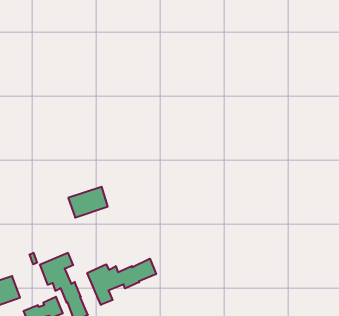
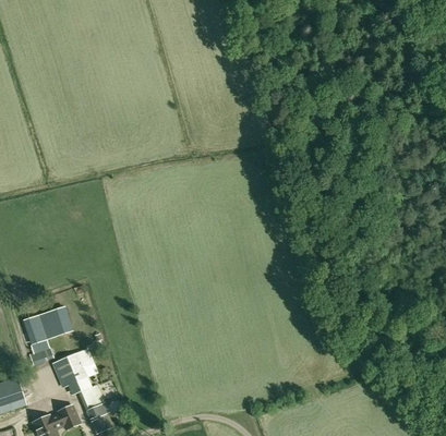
building: [68,187,108,218] -> [25,304,75,343]
building: [87,259,156,305] -> none

